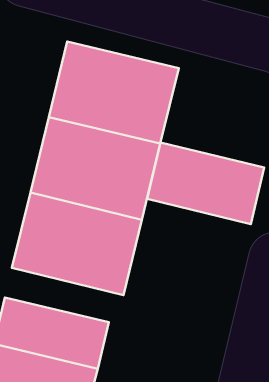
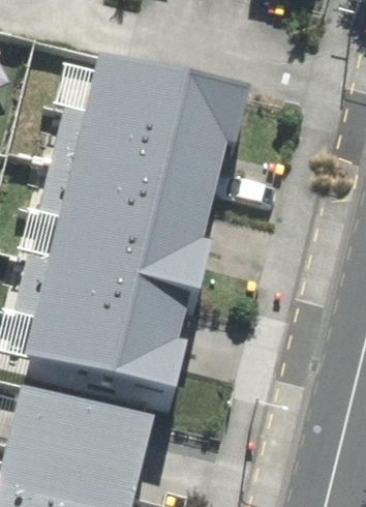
building: [147,143,264,224] -> none

